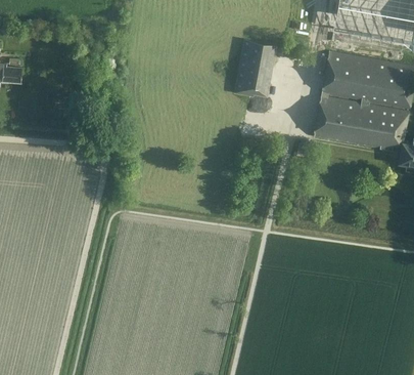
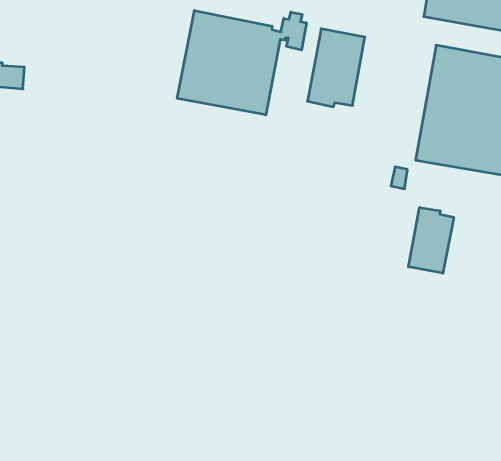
building: none -> [177,10,306,115]
building: none -> [408,207,454,273]

